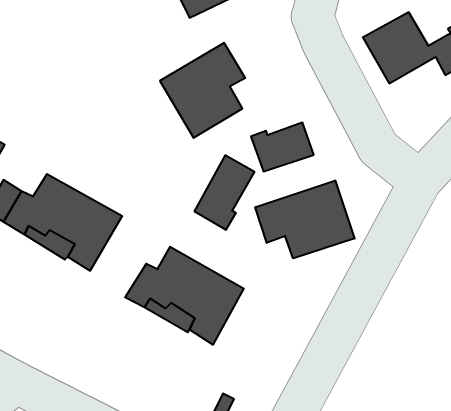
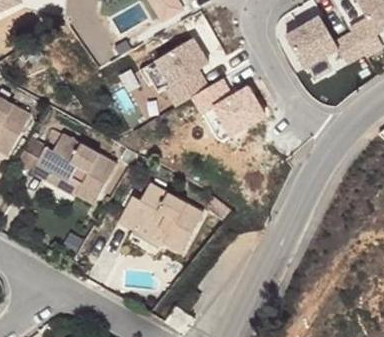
building: [195,155,254,230] -> none
building: [255,180,355,258] -> none

